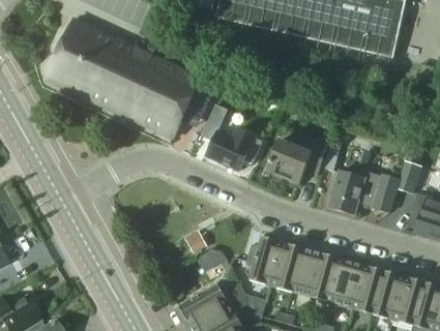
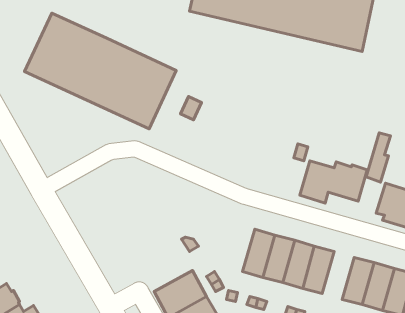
building: [207,130,262,171] -> none
building: [266,139,327,185] -> none
building: [247,233,283,285] -> none
building: [352,265,385,314] -> none

